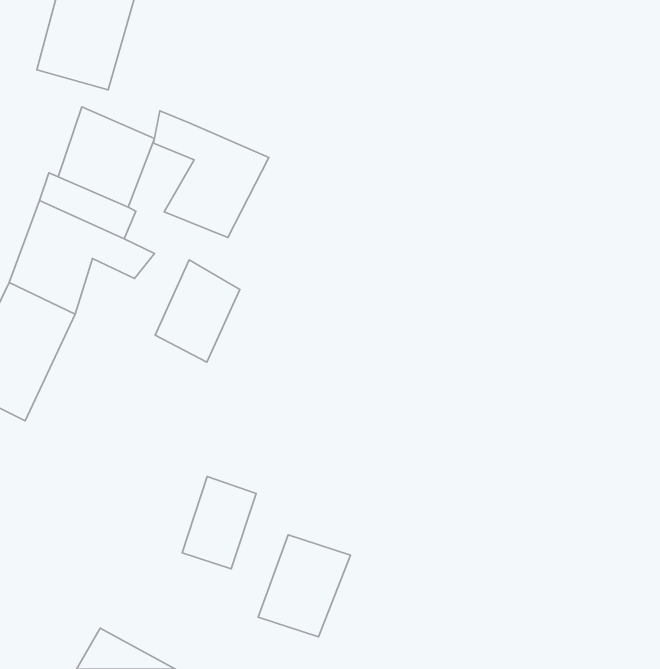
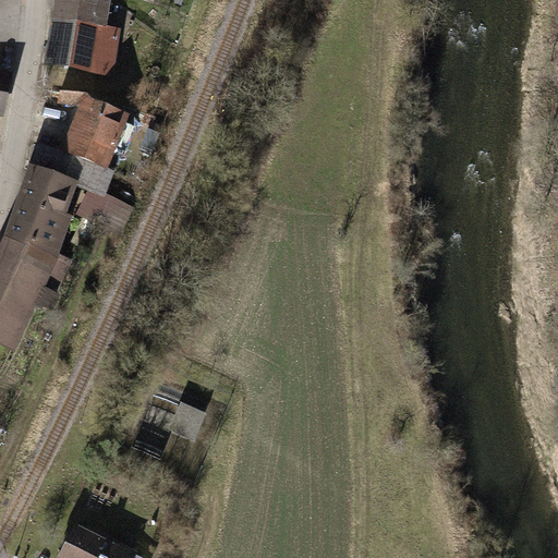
building: [154,111,269,238] -> none
building: [155,260,240,362] -> none
building: [258,535,351,637] -> none

